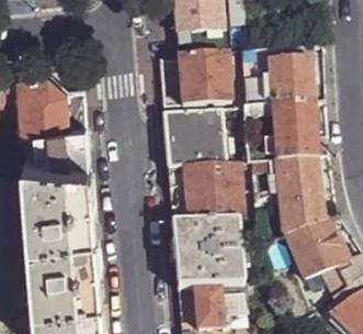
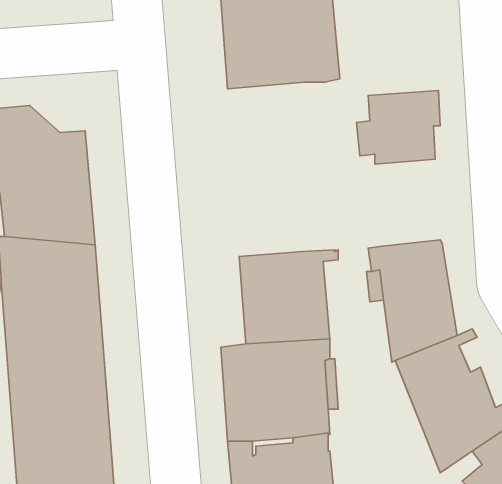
building: [156,55,234,109] -> none
building: [249,105,326,163] -> none
building: [161,112,225,170] -> none

